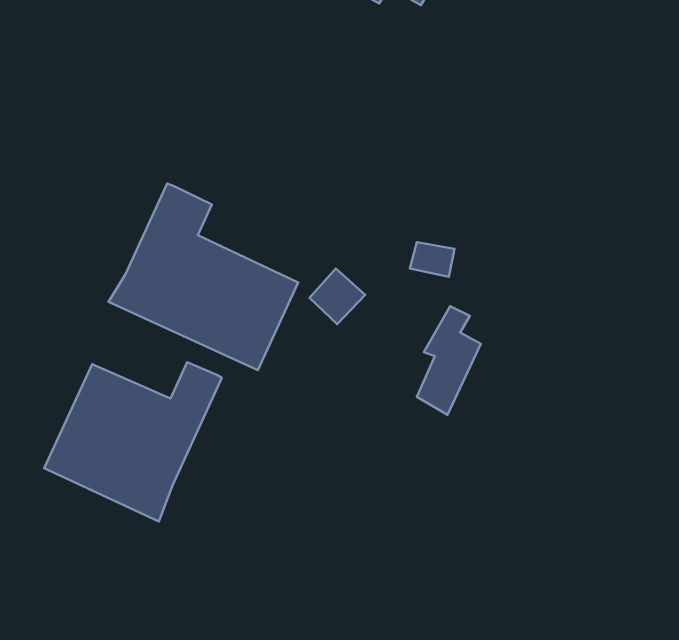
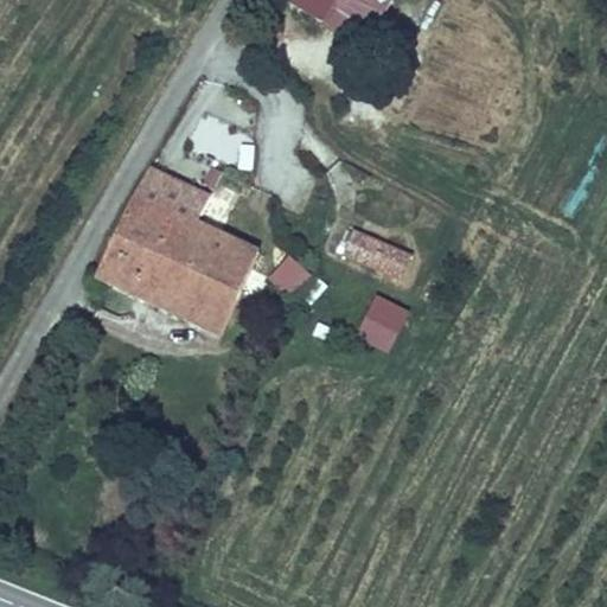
building: [44,362,222,521] -> none

